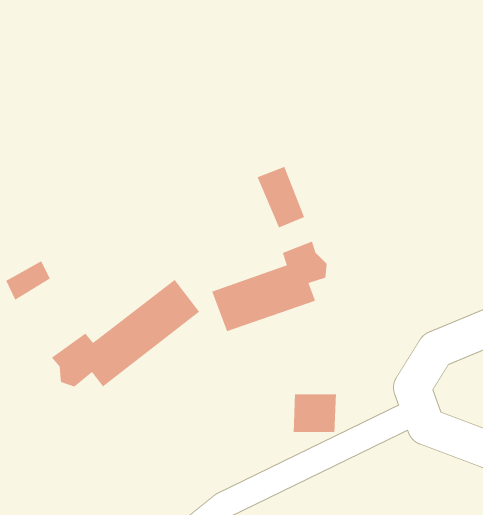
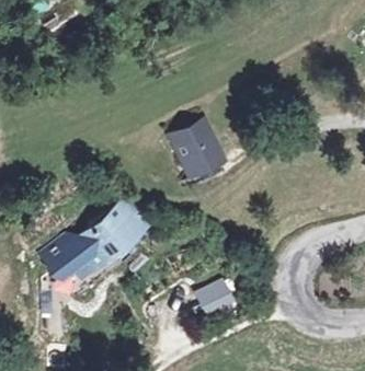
building: [211,240,328,332] -> none

